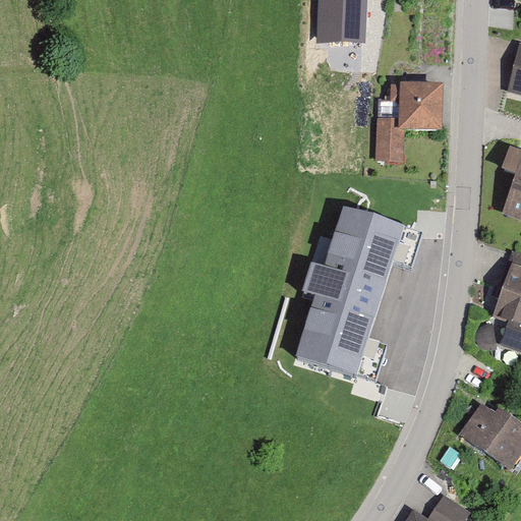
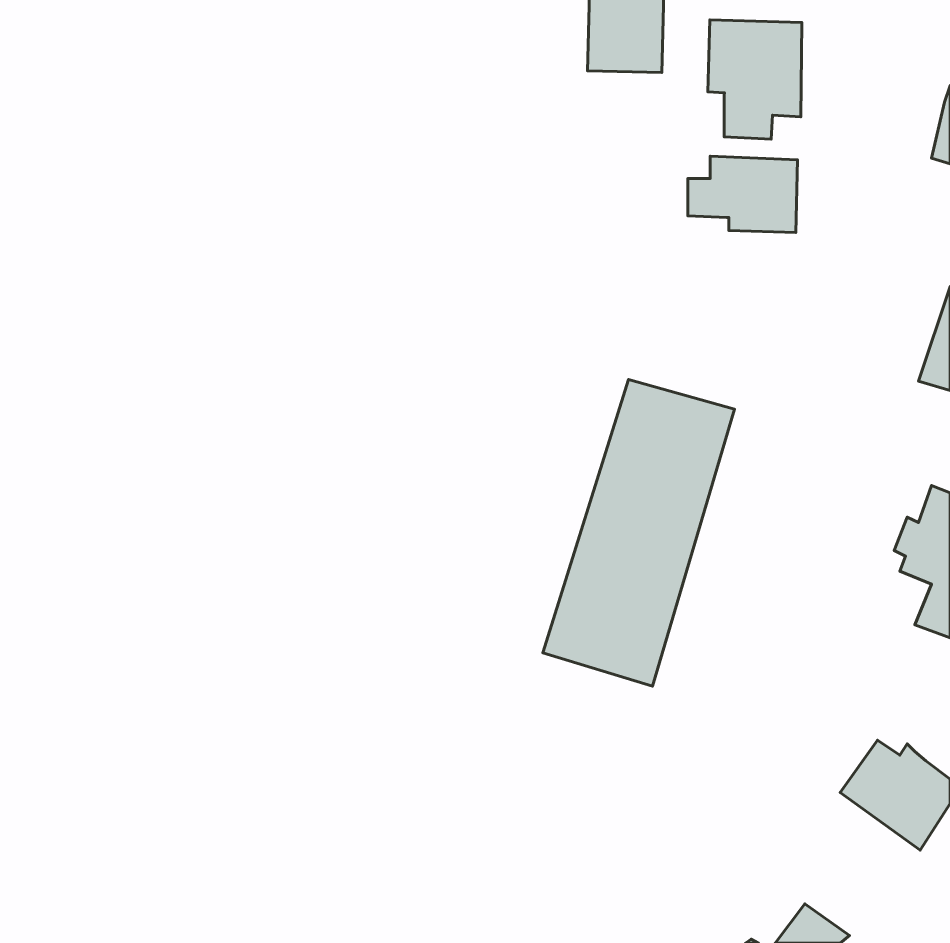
building: none -> [708,20,802,139]
building: [374,118,399,159] -> none

